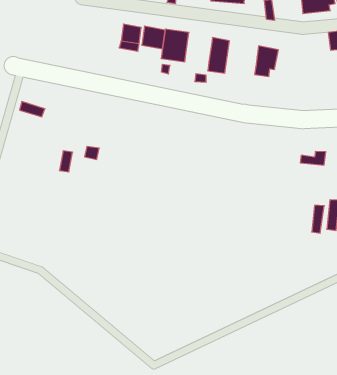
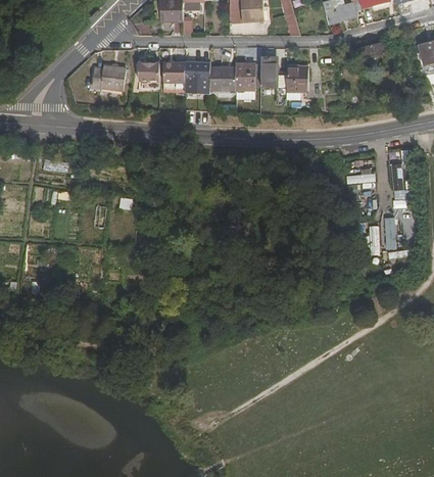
building: none -> [92,64,126,90]
building: none -> [260,55,286,87]
building: none -> [210,65,236,89]

